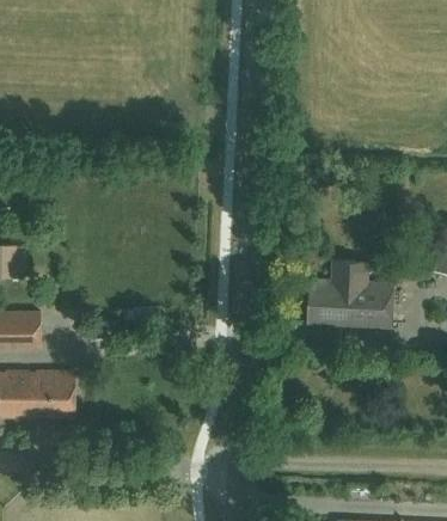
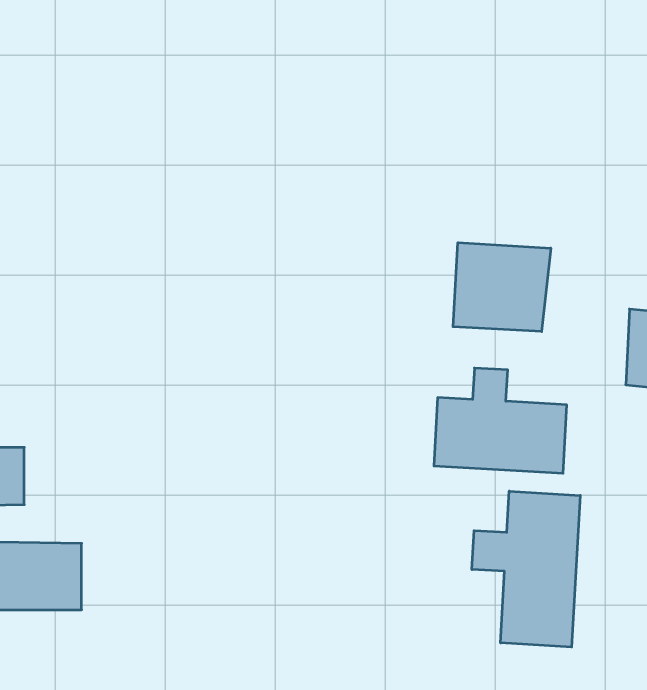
building: none -> [453,243,551,332]
building: none -> [472,491,580,647]

